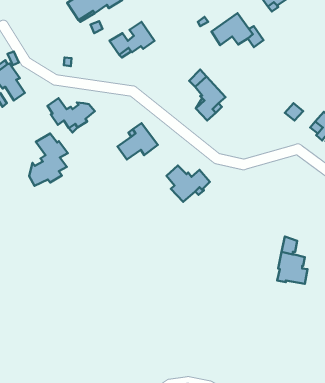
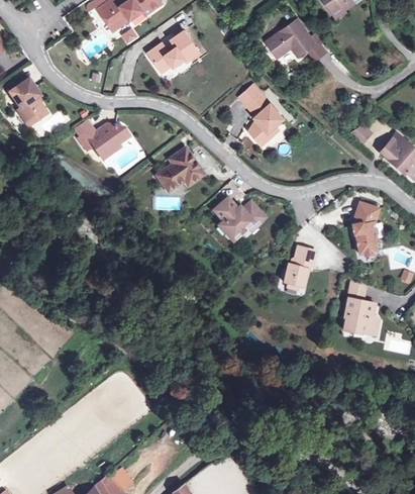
building: [29,134,68,186] -> none
building: none -> [350,202,378,255]
building: none -> [283,246,315,287]

